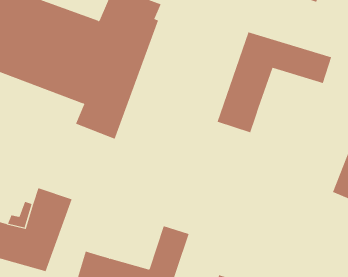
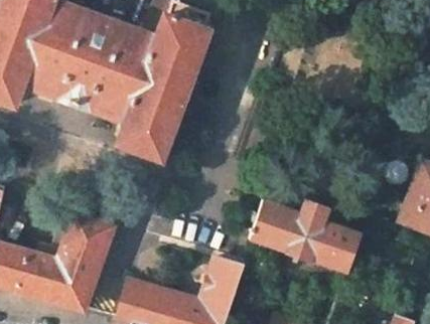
building: [217,32,332,133] -> none
building: none -> [252,198,362,272]

